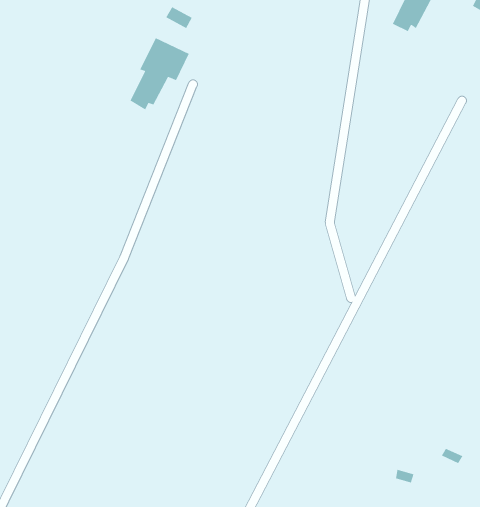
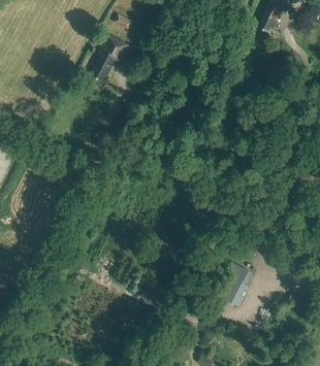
building: none -> [217,273,247,303]

